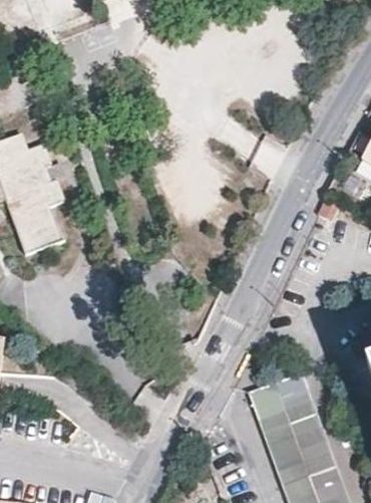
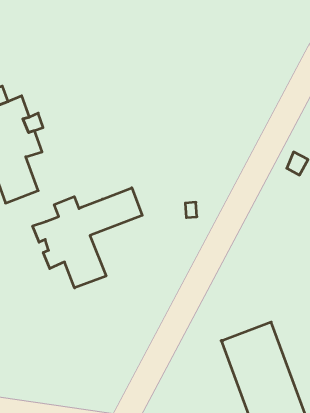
building: none -> [33,188,142,288]

